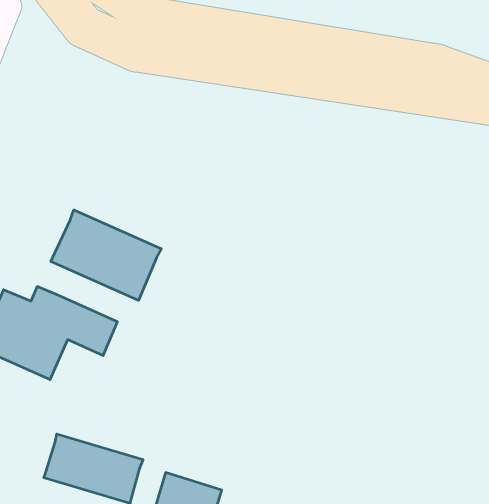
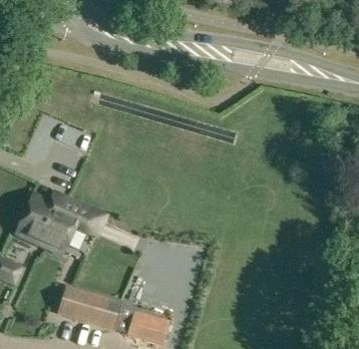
building: [51,210,161,300] -> none

